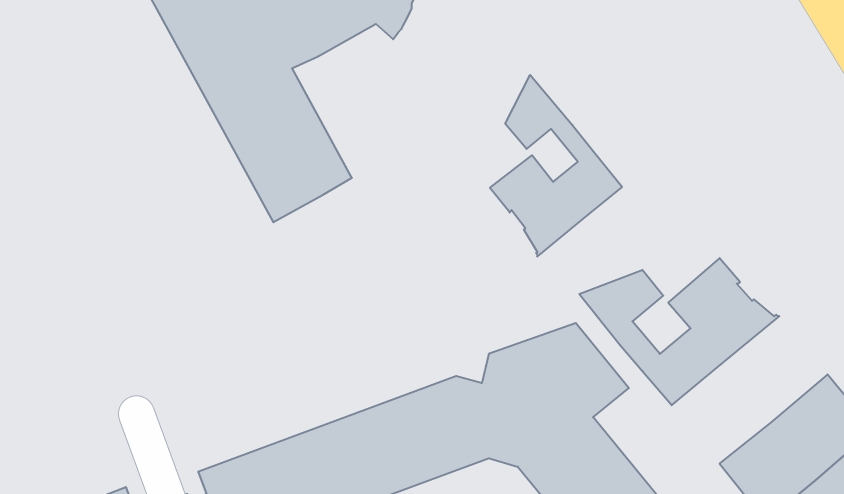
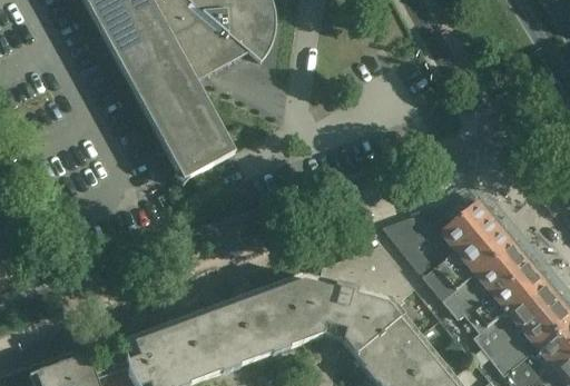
building: [490,75,622,257] -> none
building: none -> [442,240,543,331]

